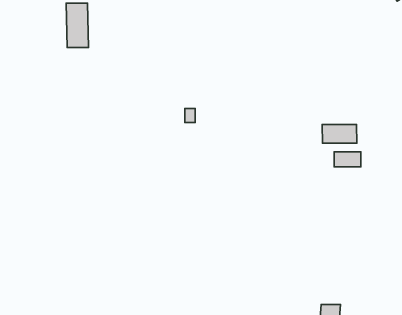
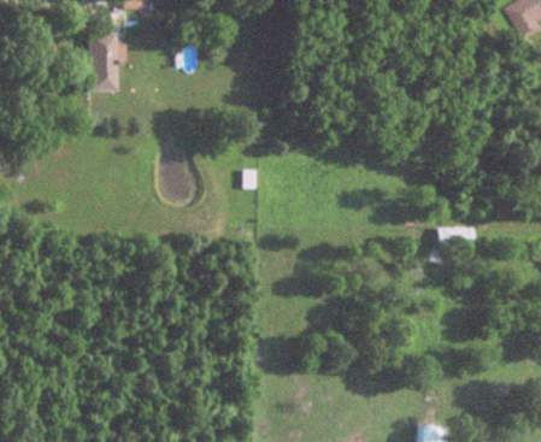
building: [322,124,357,143] -> none

